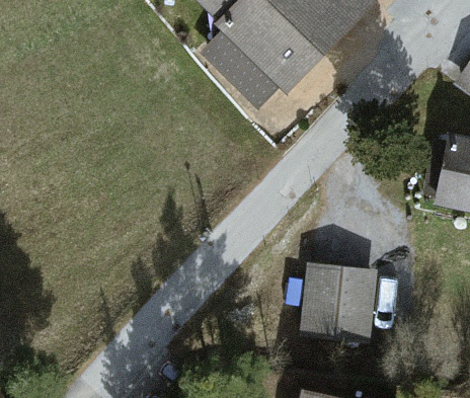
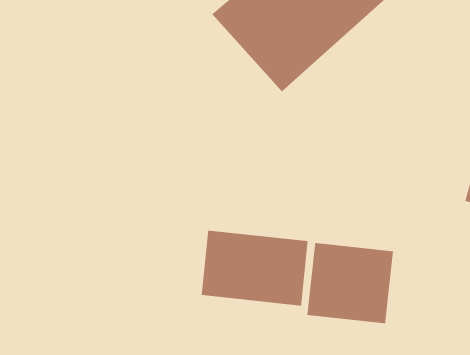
building: none -> [201,230,308,306]

